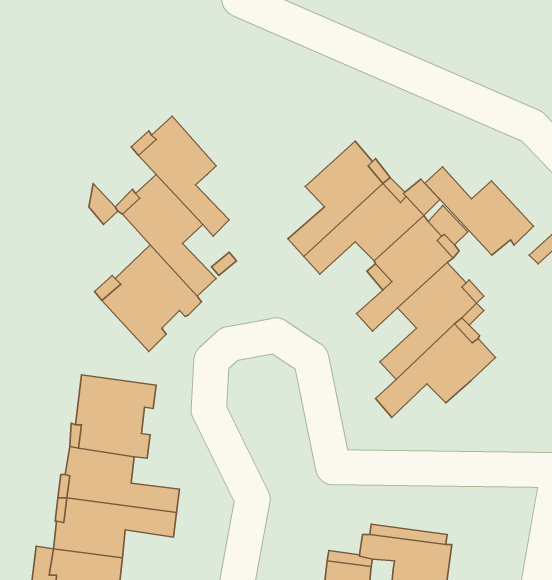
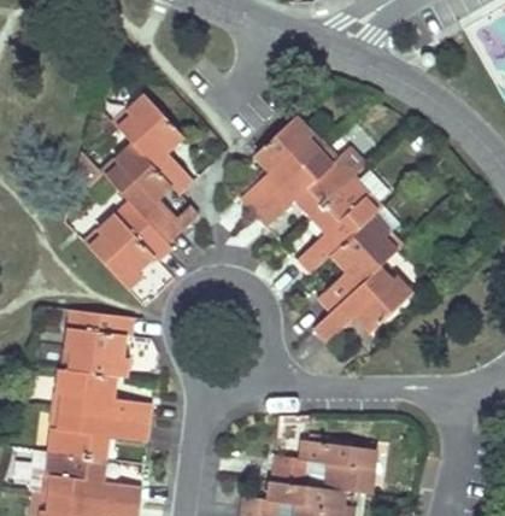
building: [425,167,533,255] -> none

